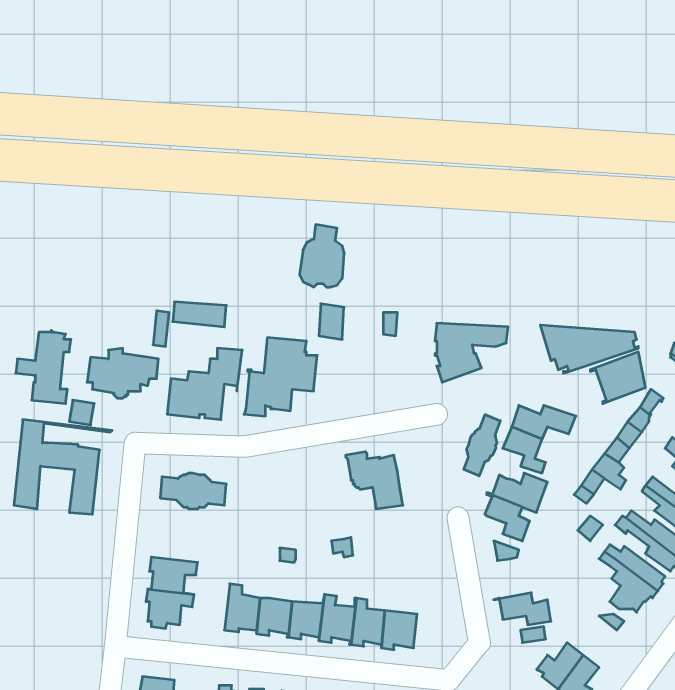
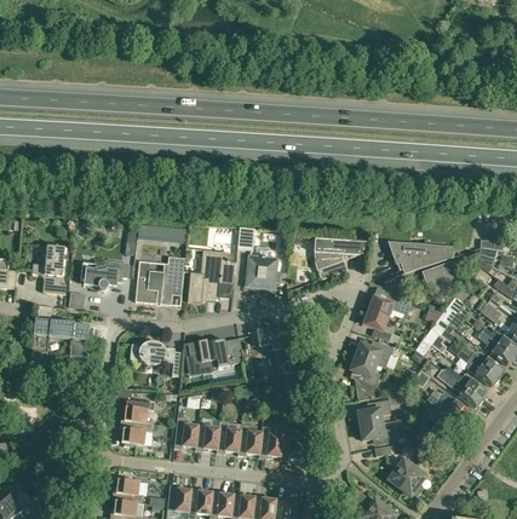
building: [300,225,344,287] -> [246,244,276,287]
building: [464,415,500,476] -> none
building: none -> [183,338,242,375]
building: none -> [356,398,390,426]

